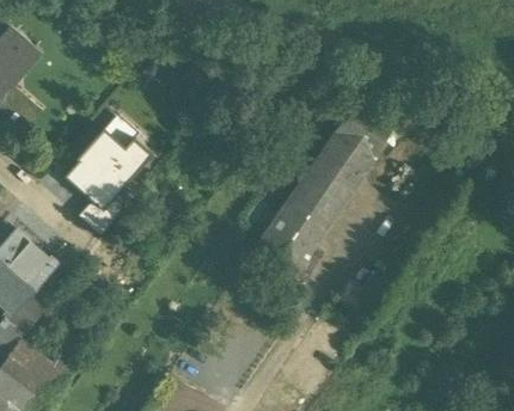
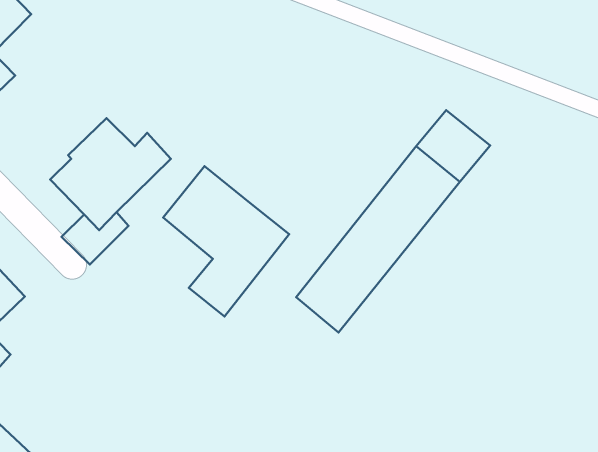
building: none -> [163,166,289,316]

